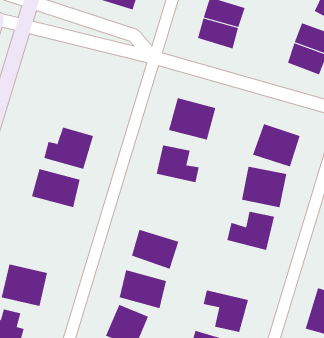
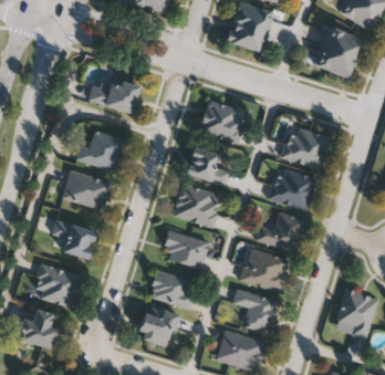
building: none -> [89,73,142,114]
building: none -> [173,184,220,227]
building: none -> [51,219,96,259]
building: none -> [239,248,290,293]

